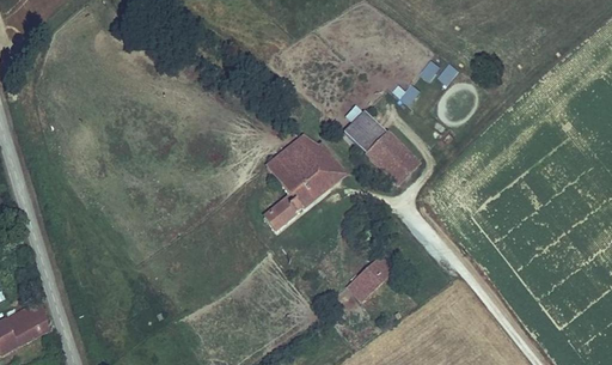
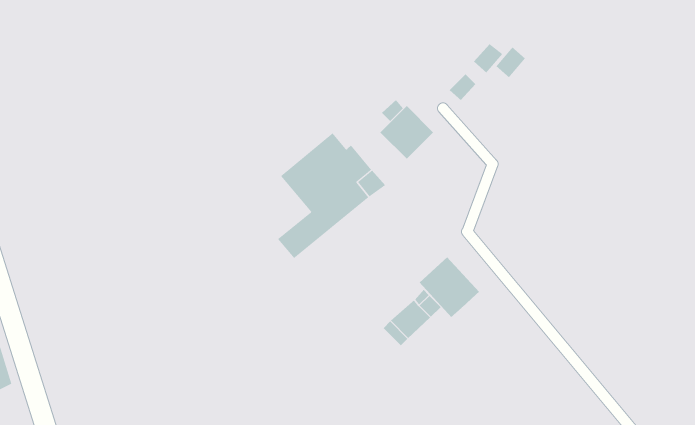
building: [363,129,421,187] -> none
building: none -> [419,257,480,318]

